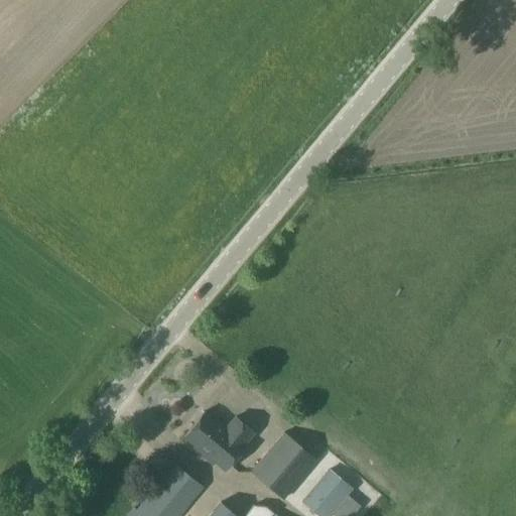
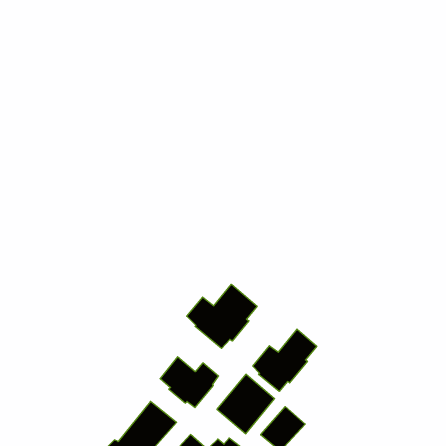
building: none -> [187,284,257,348]
building: none -> [253,329,317,391]

